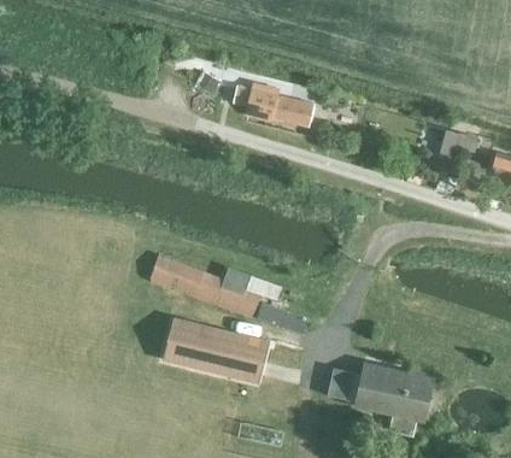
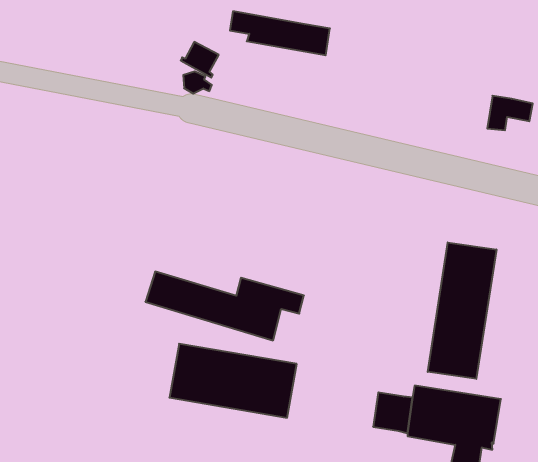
building: [233,87,315,128] -> [230,11,330,55]
building: none -> [428,242,496,379]

